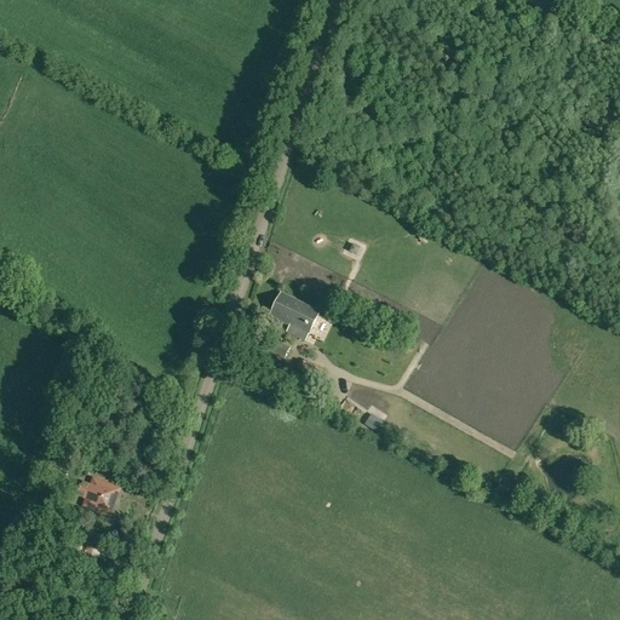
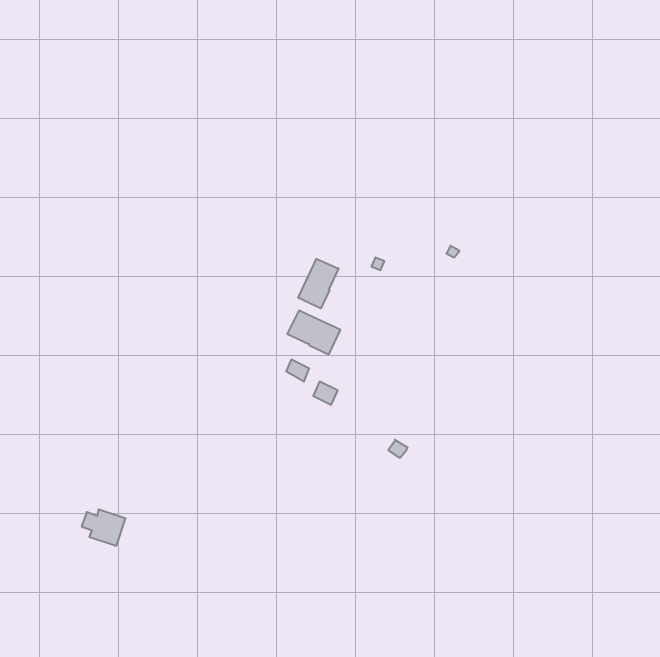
building: none -> [298,259,339,308]

